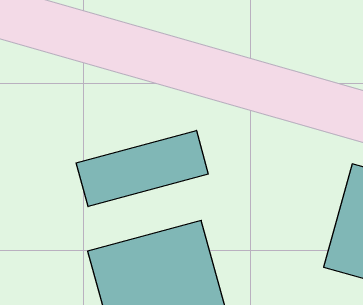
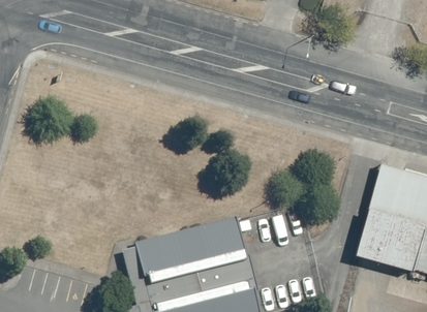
building: [76,130,208,207] -> none

